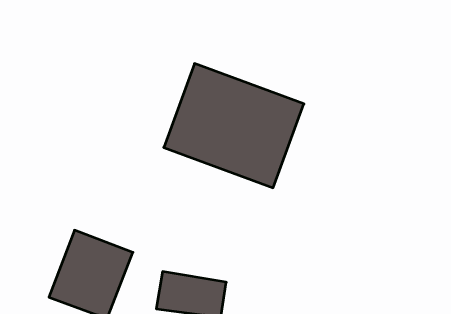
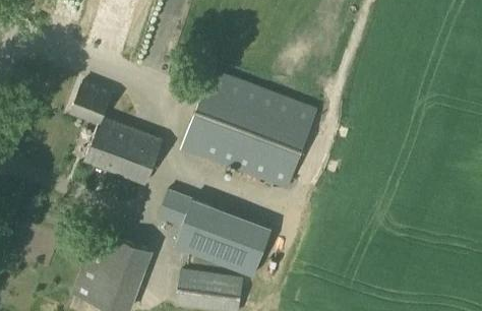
building: none -> [71,83,163,184]
building: none -> [157,191,270,277]

